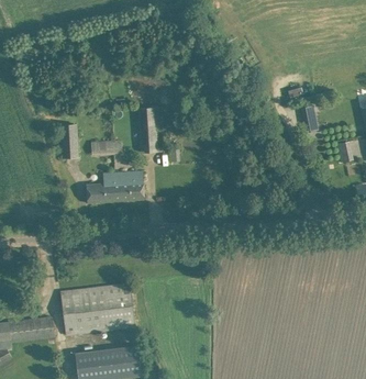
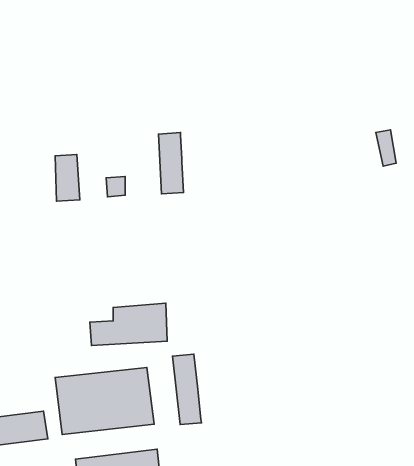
building: [85,170,143,202] -> [90,303,167,346]
building: none -> [173,354,201,425]

